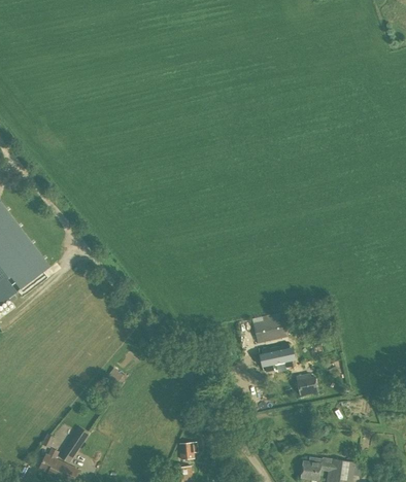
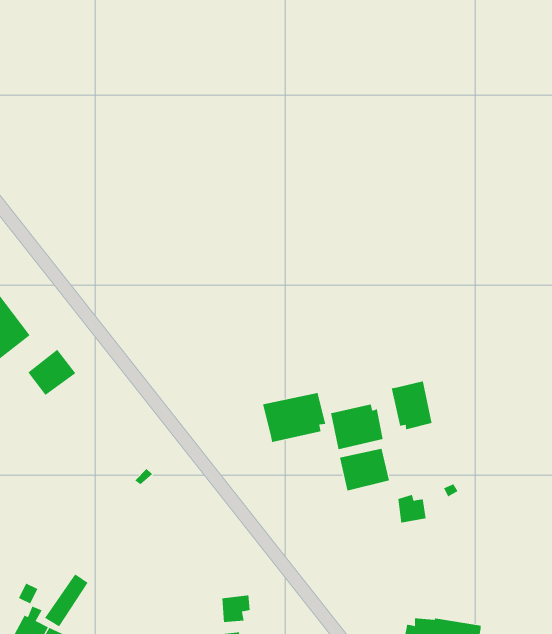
building: none -> [27,349,76,396]
building: none -> [391,380,432,430]
building: none -> [262,392,326,443]

